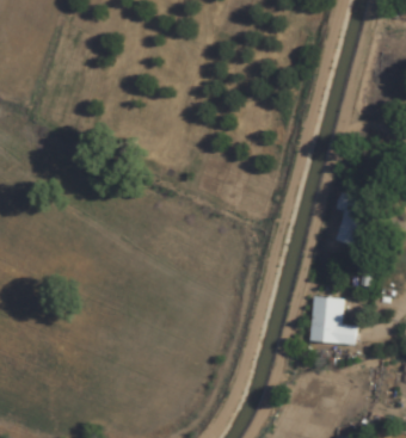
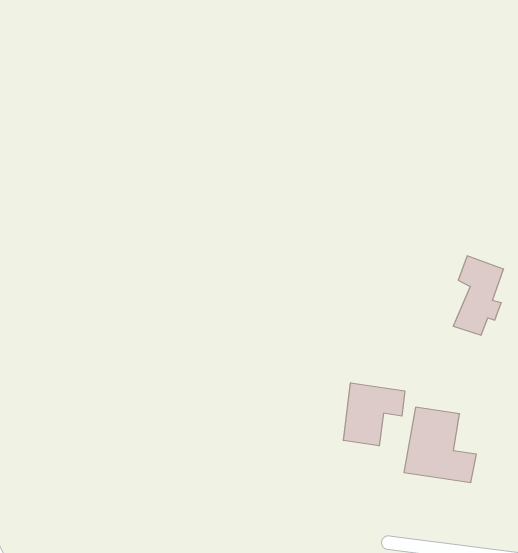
building: none -> [343,383,405,446]

